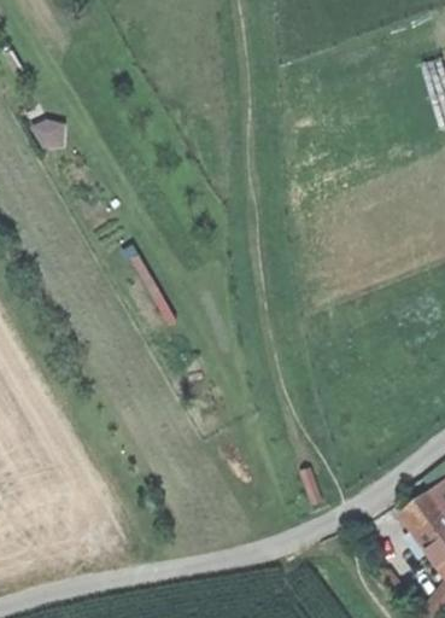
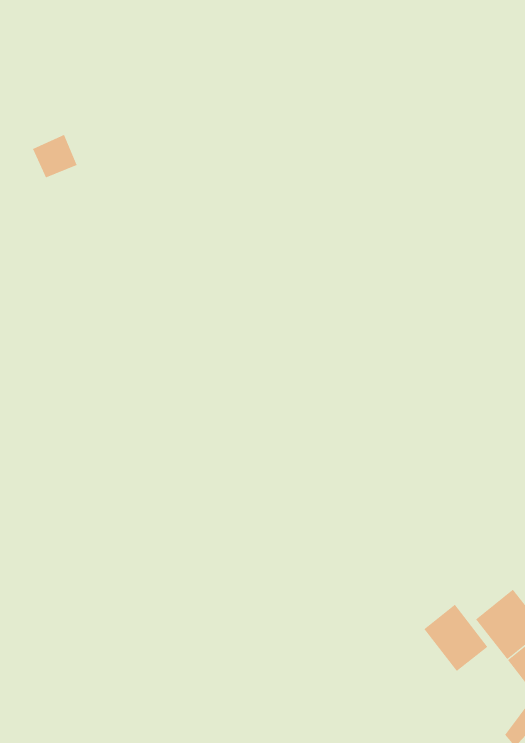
building: none -> [423,604,488,672]

